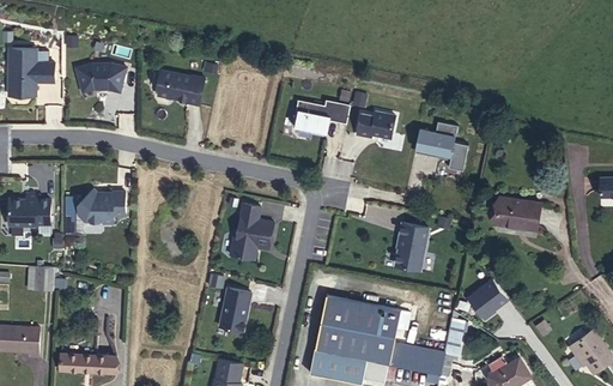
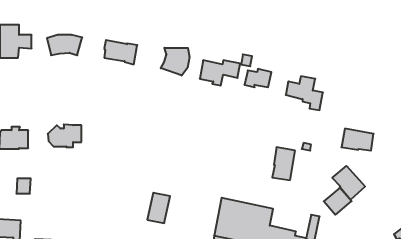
building: none -> [161,48,190,76]
building: [230,204,274,258] -> none
building: none -> [332,166,365,200]

